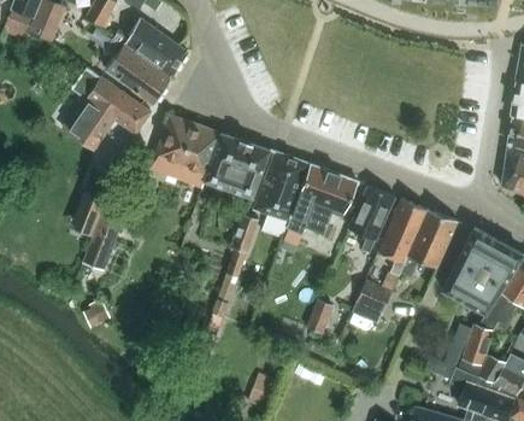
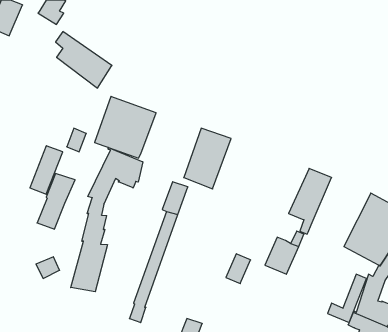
building: [125,18,188,78] -> none
building: [63,78,152,151] -> none
building: [205,134,271,199] -> none
building: [287,164,359,236] -> none
building: none -> [71,147,143,292]
building: [349,187,395,253] -> none
building: [401,210,458,279] -> none

